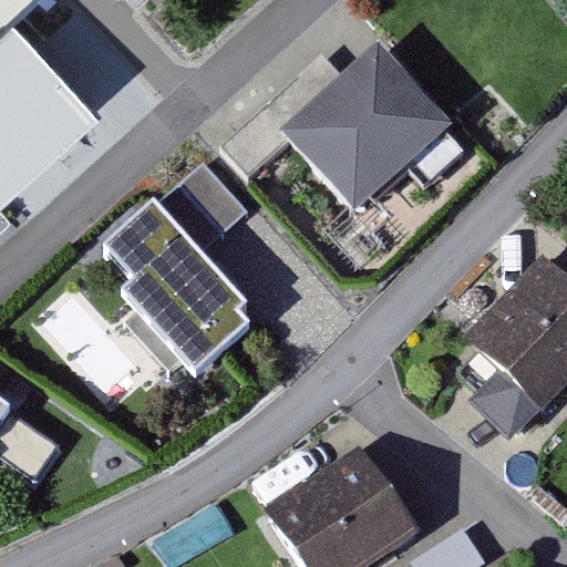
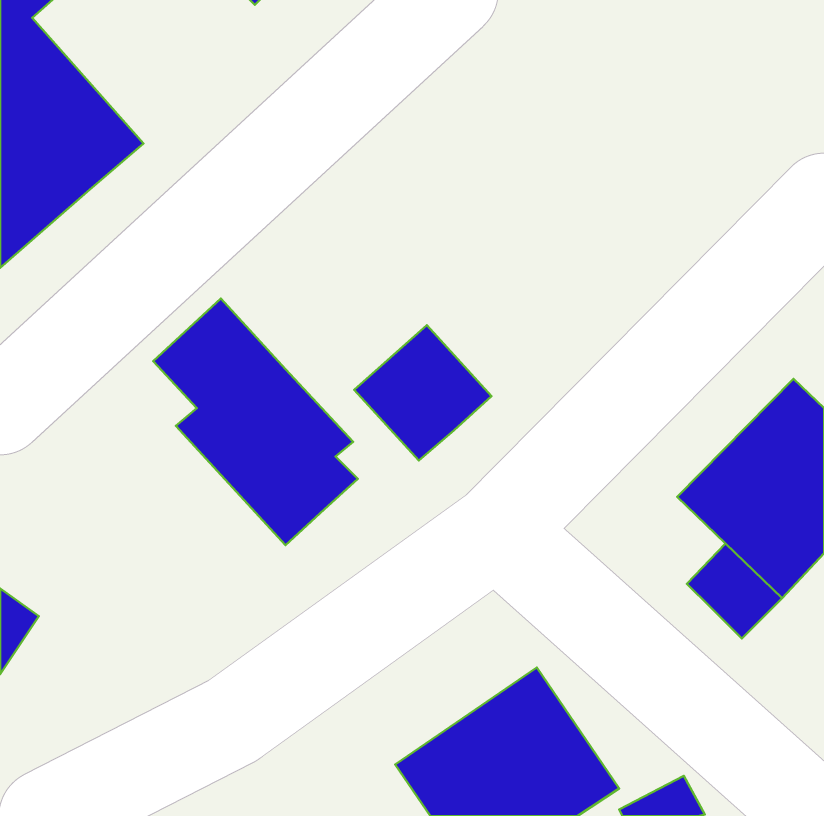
building: [223,45,451,213] -> none
building: [152,161,246,254] -> [354,325,491,461]

